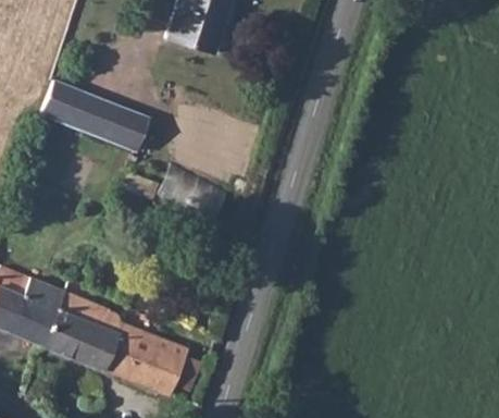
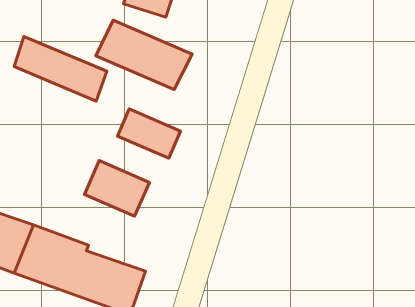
building: none -> [96,20,192,89]
building: none -> [84,161,149,216]

